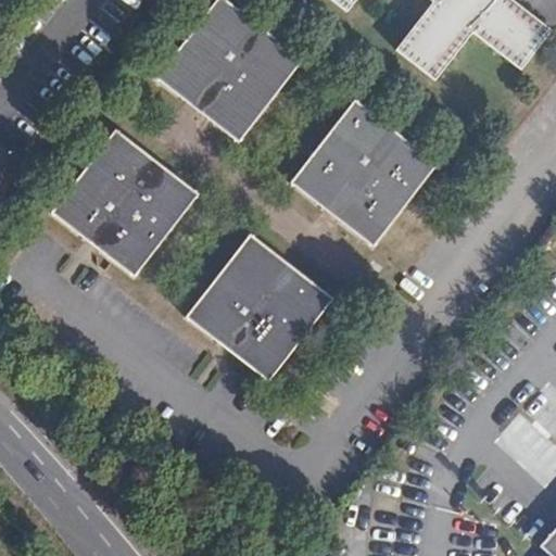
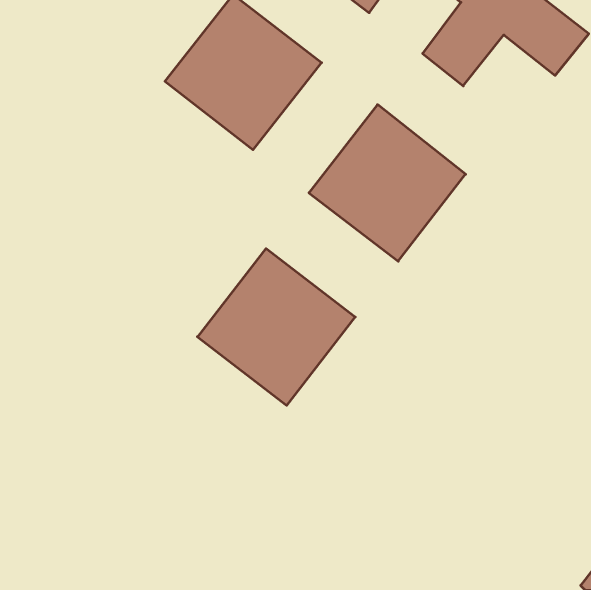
building: [50,128,199,276] -> none

